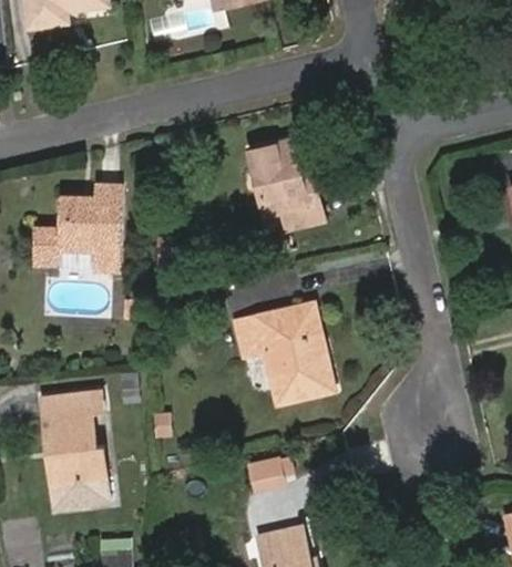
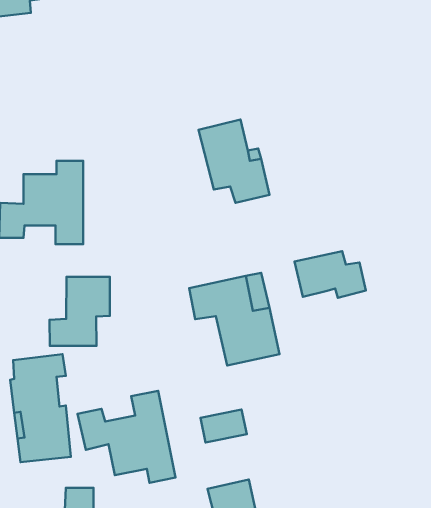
building: none -> [295,251,366,298]
building: none -> [49,277,110,346]
building: none -> [78,391,176,483]

